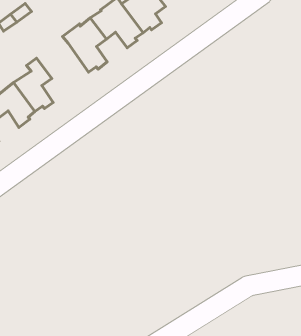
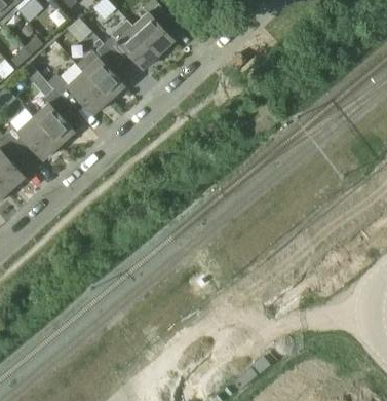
building: none -> [46,71,106,114]

